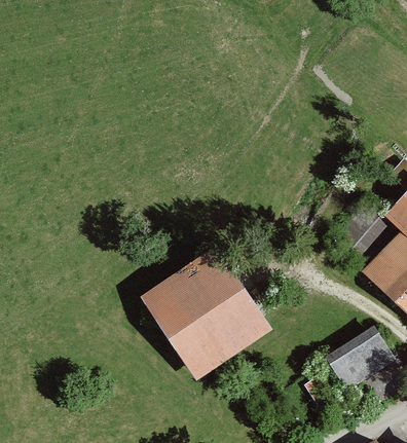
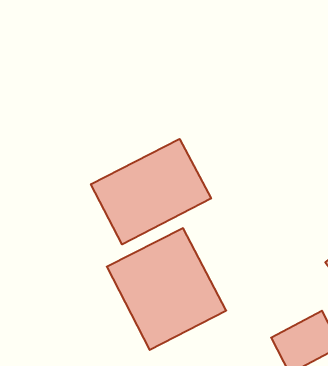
building: none -> [91,139,211,244]

